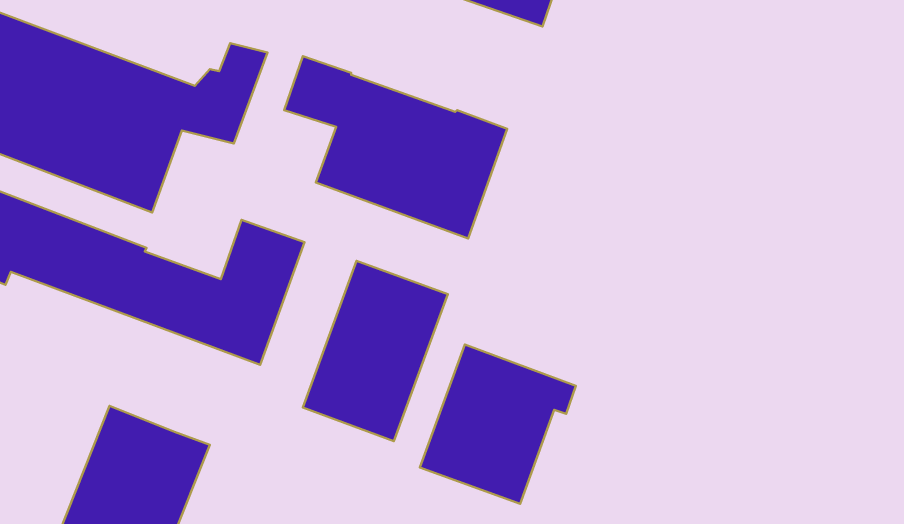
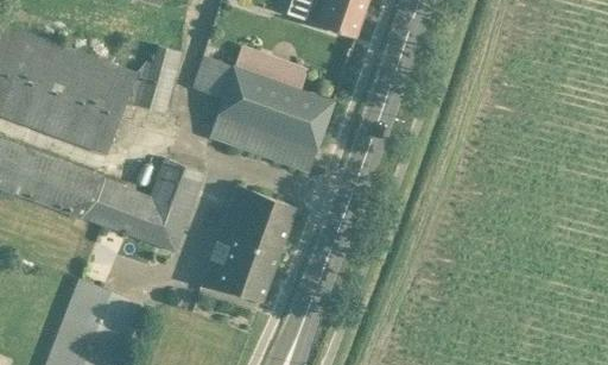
building: none -> [233,46,306,90]
building: [420,345,576,504] -> none

